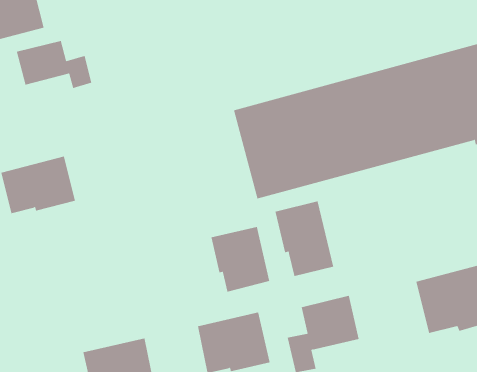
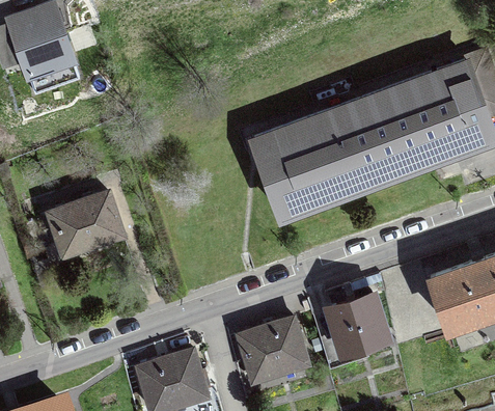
building: [16,40,92,89] -> none
building: [275,200,334,277] -> none
building: [211,226,270,293] -> none

